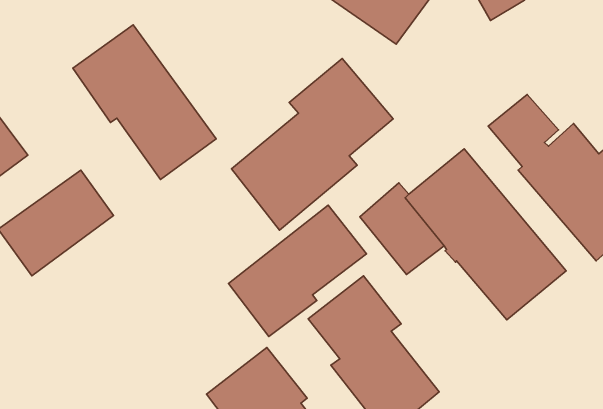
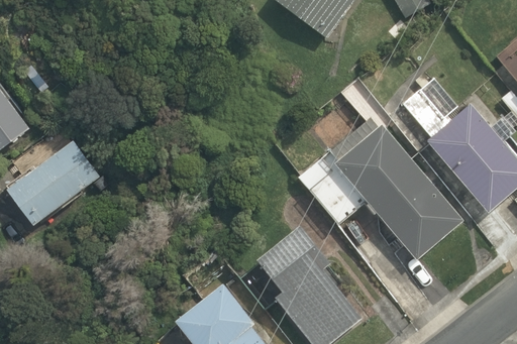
building: [73,25,216,180] -> none
building: [231,58,393,230] -> none
building: [228,205,367,336] -> none

